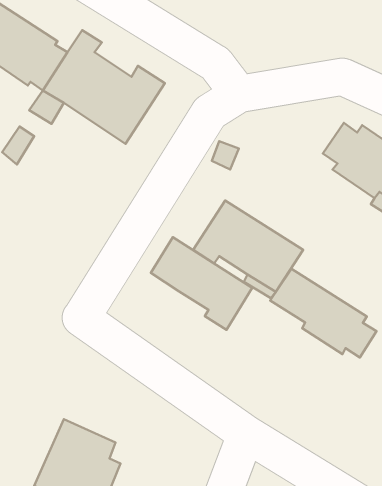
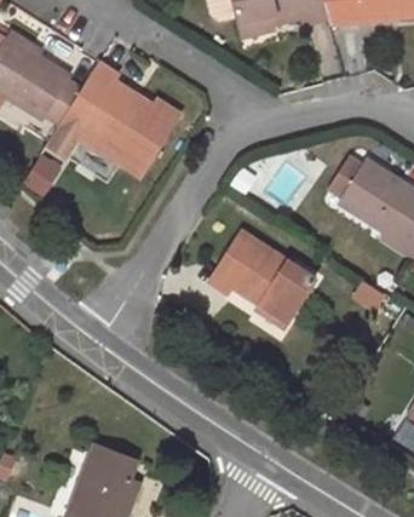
building: [151,237,252,330] -> none
building: [270,269,377,357] -> none

